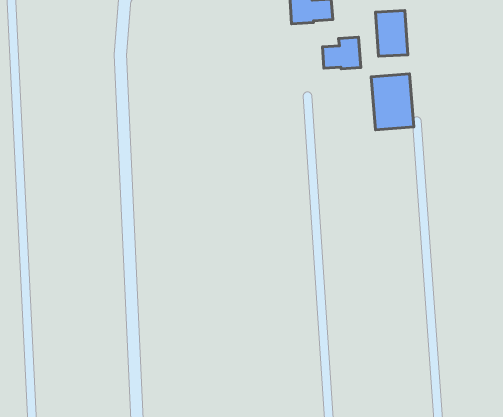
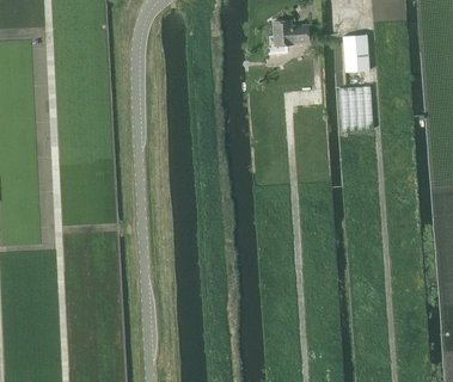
building: [322,37,361,69] -> none

